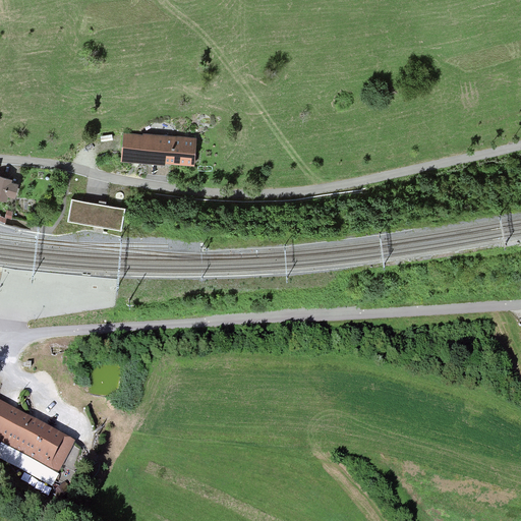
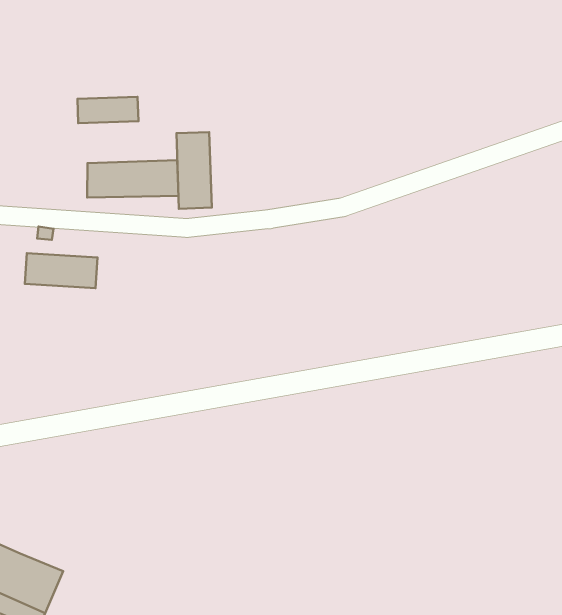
building: none -> [77,97,138,123]
building: none -> [176,132,212,209]

